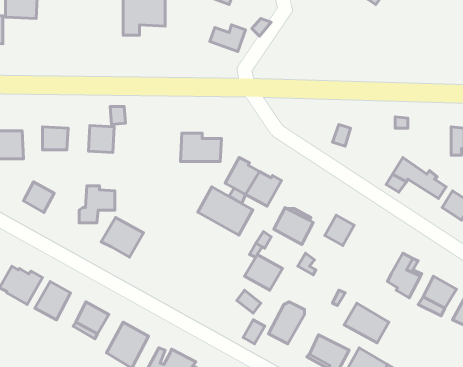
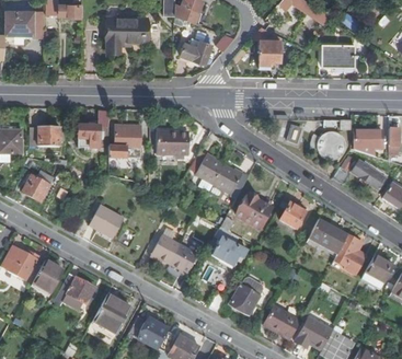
building: none -> [251,26,280,63]
building: none -> [323,43,356,67]
building: none -> [355,129,383,155]
building: none -> [317,131,345,160]
building: [79,186,115,223] -> [110,126,140,158]
building: [198,187,253,235] -> [151,234,198,276]
building: [344,303,389,343] -> [309,219,347,253]

